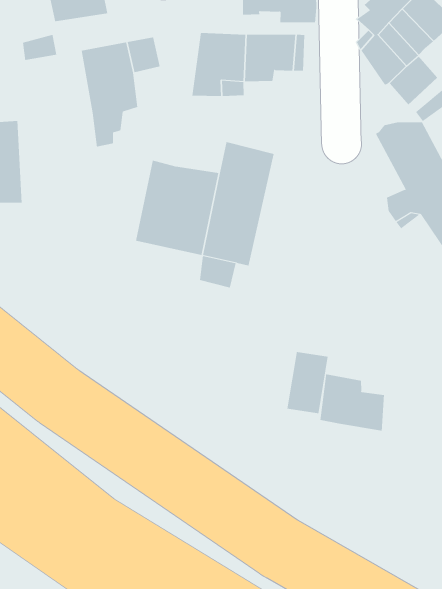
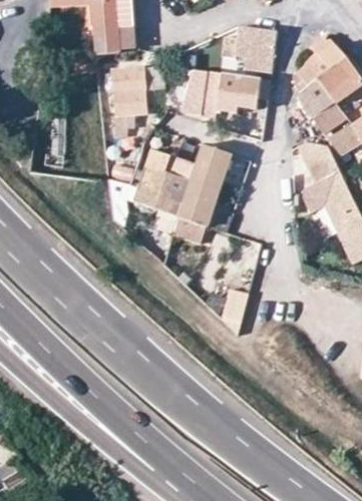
building: [320,374,385,431] -> none

